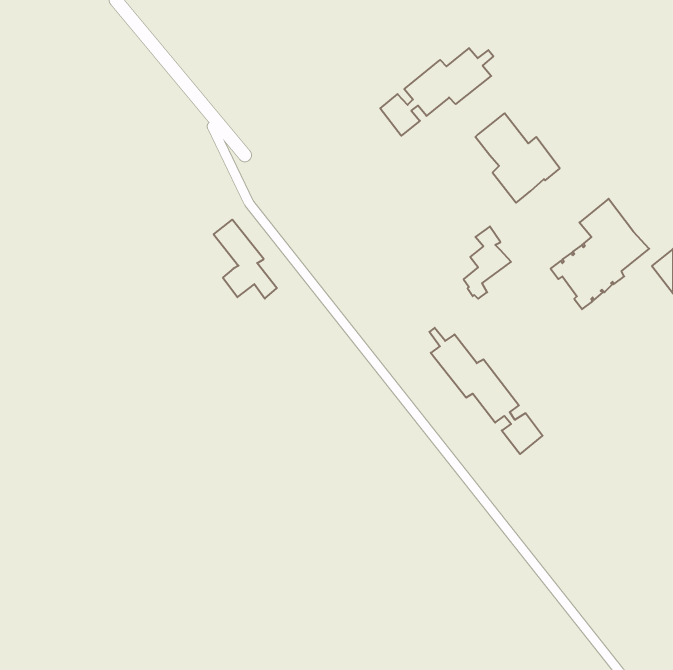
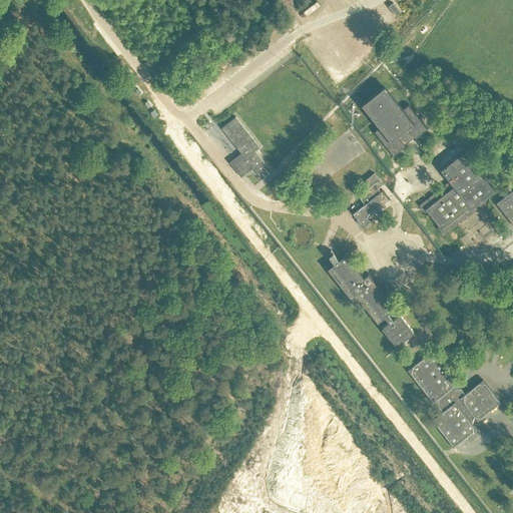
building: [380,48,493,136] -> none
building: [214,220,277,299] -> [221,119,270,179]
building: none -> [407,352,500,448]

